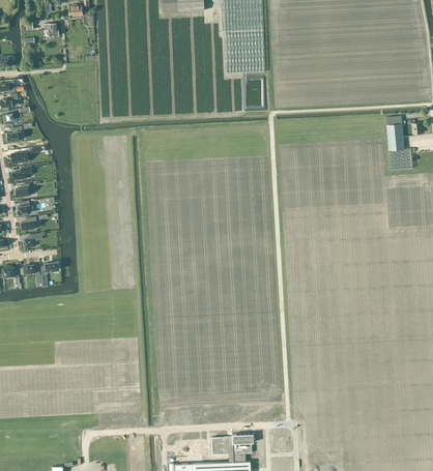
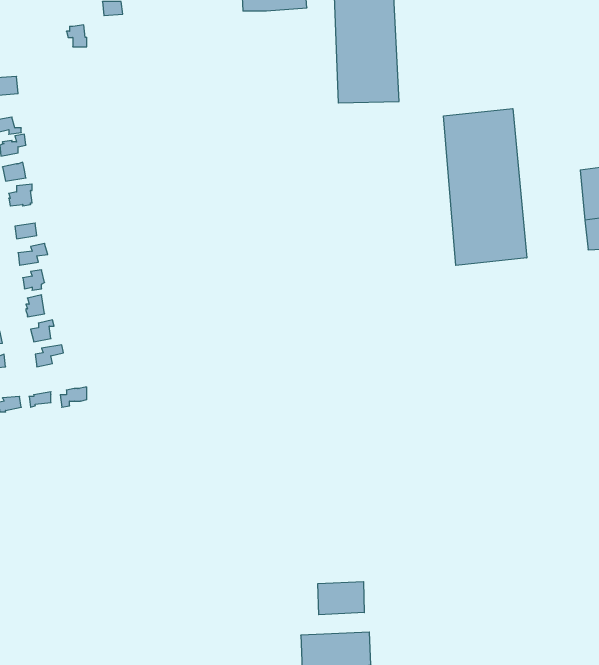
building: none -> [444,109,527,265]
building: none -> [318,582,364,615]

